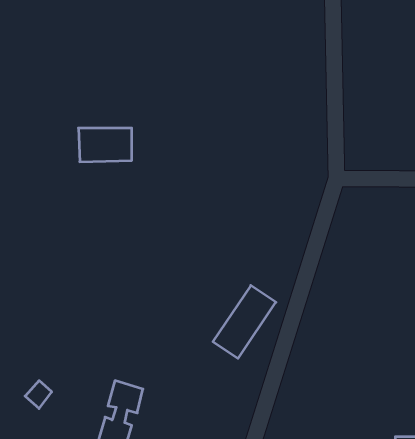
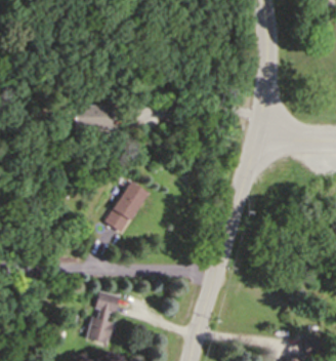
building: [213,285,276,358] -> [104,182,151,235]

